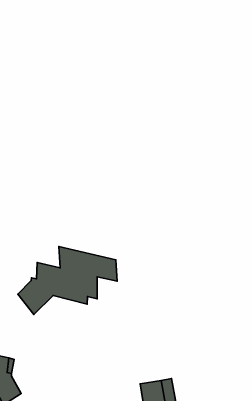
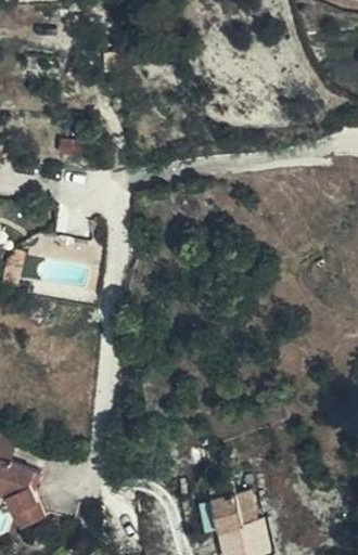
building: [18,247,117,314] -> none

